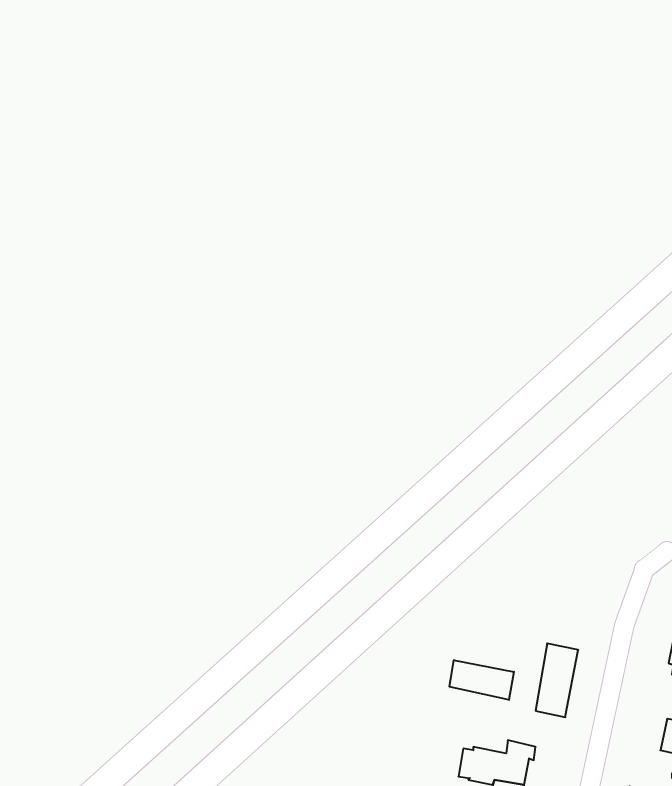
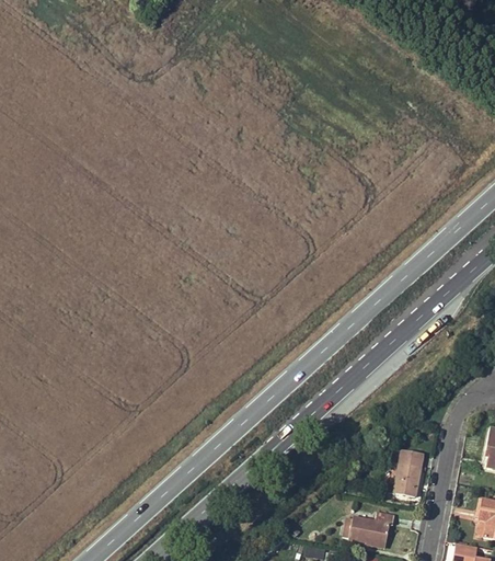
building: [449,660,514,700] -> none

